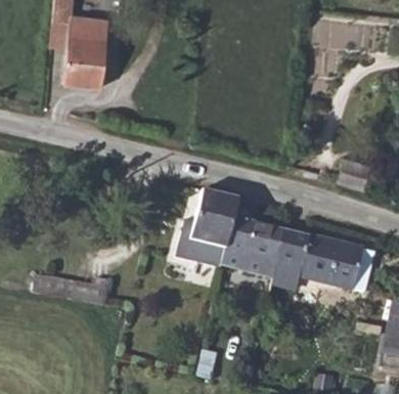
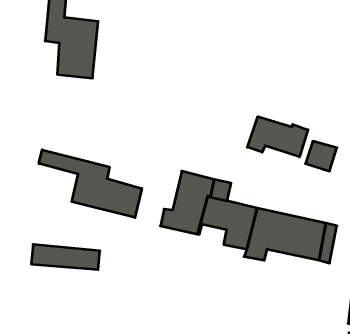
building: none -> [247,117,308,157]
building: none -> [39,150,142,218]

